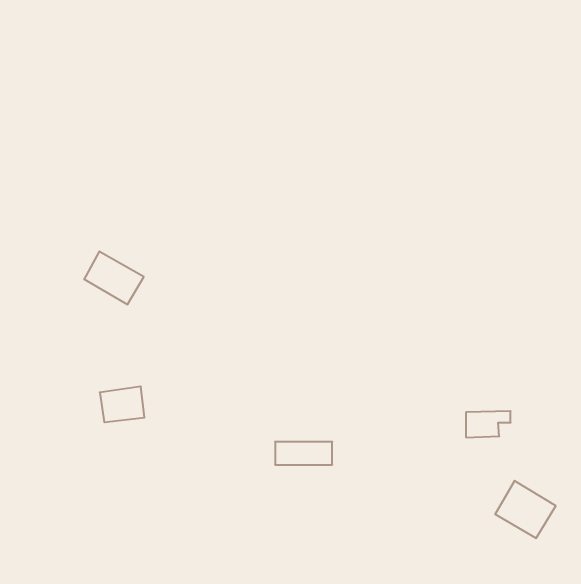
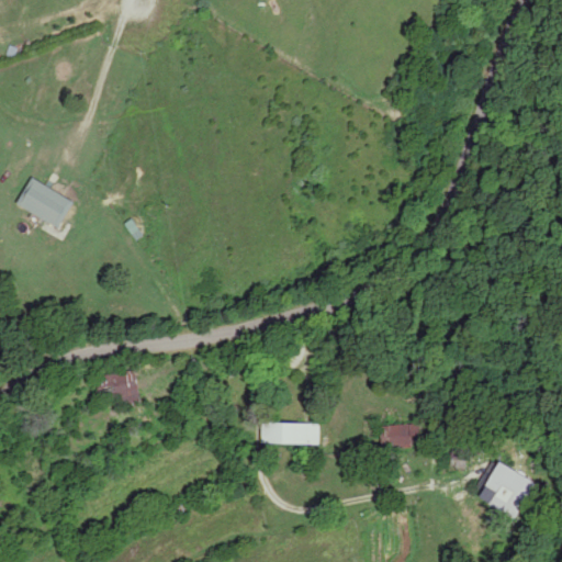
building: [84,252,144,304] -> [18,177,75,227]
building: [466,411,511,437] -> [380,424,423,449]

